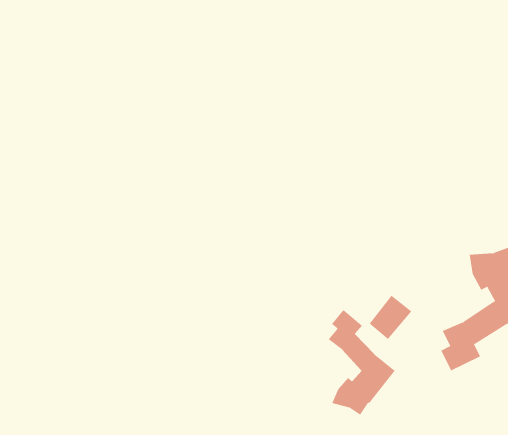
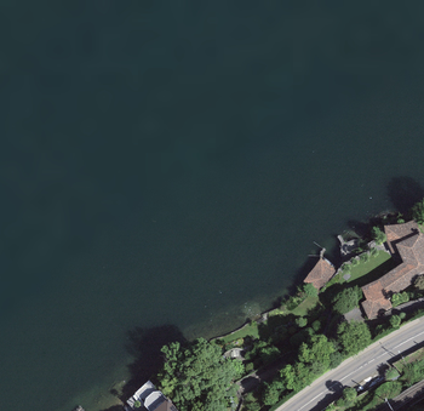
building: [328,309,395,415] -> none

